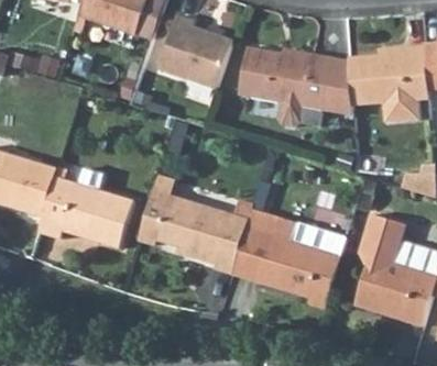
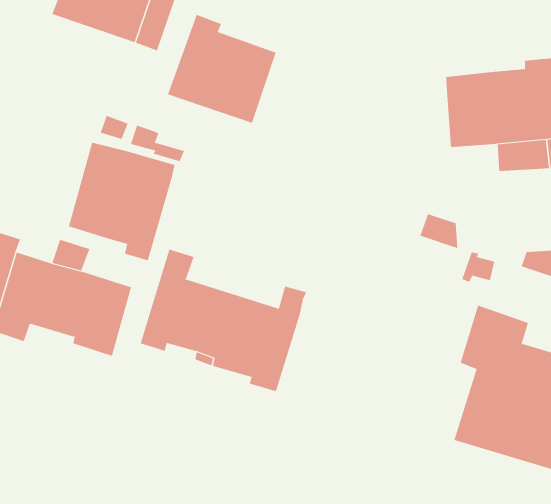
building: [239,47,352,126] -> none
building: none -> [69,142,175,261]
building: [232,209,346,309] -> none

